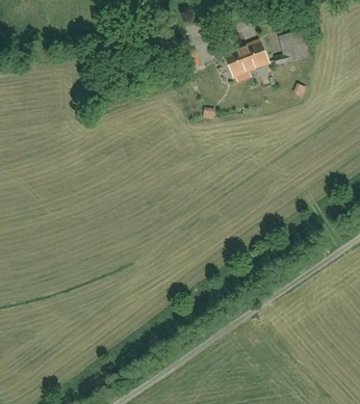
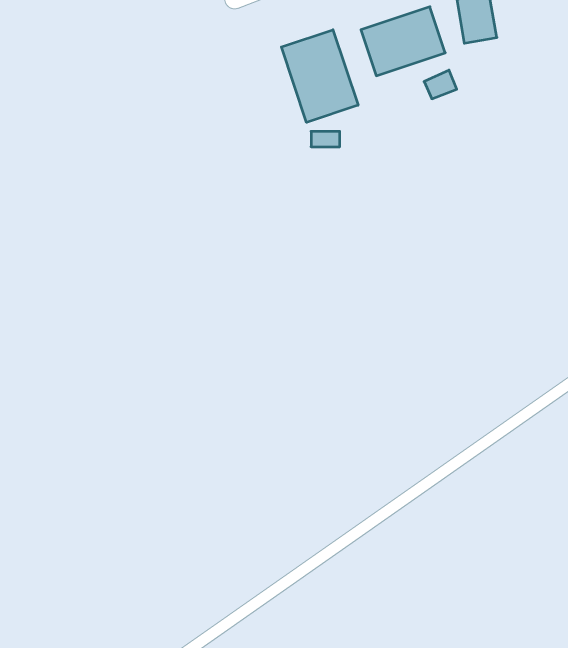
building: none -> [281,30,358,122]

